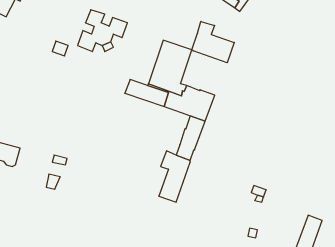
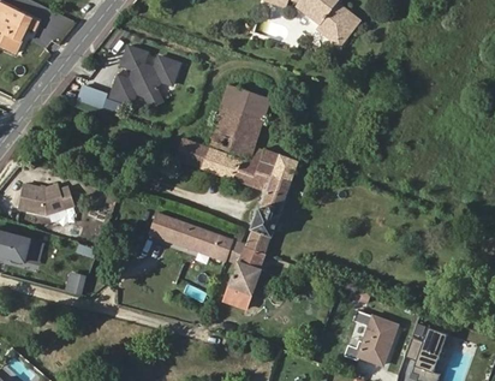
building: [192,21,234,63] -> none
building: none -> [19,178,76,210]
building: none -> [150,212,233,260]
building: none -> [358,315,398,365]

